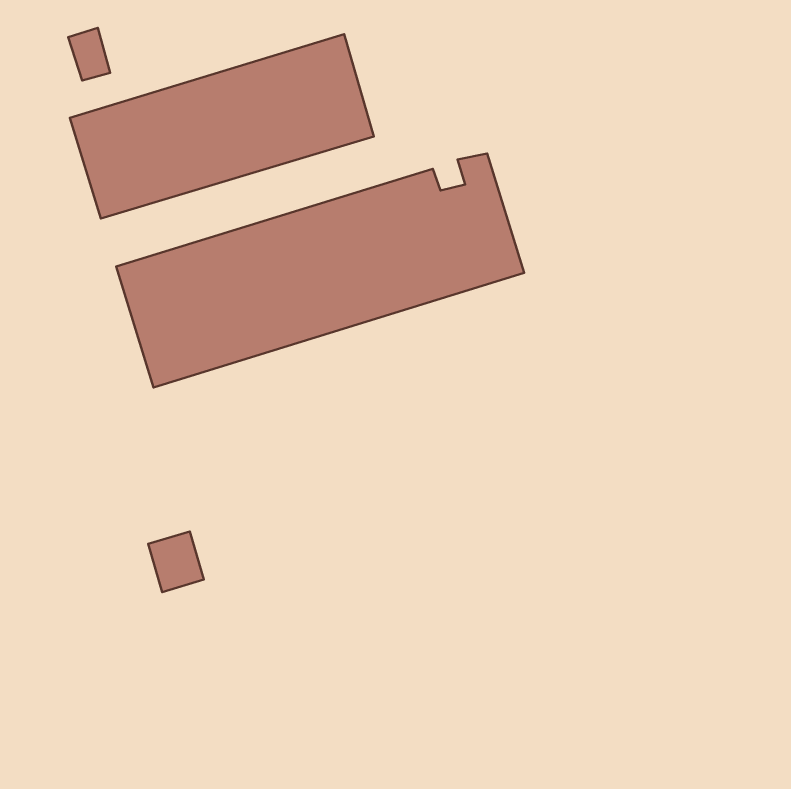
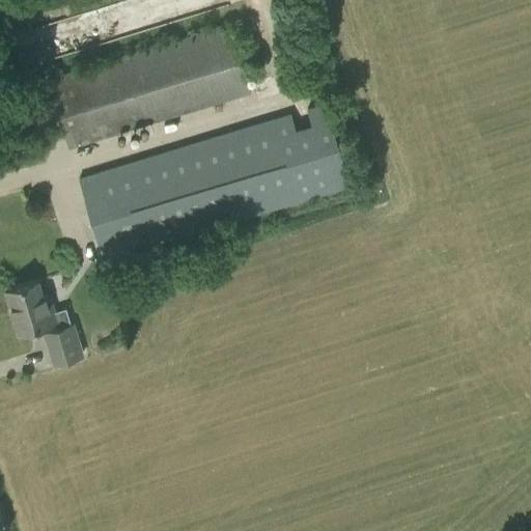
building: none -> [4,281,56,335]
building: [148,532,204,592] -> [44,325,81,365]

